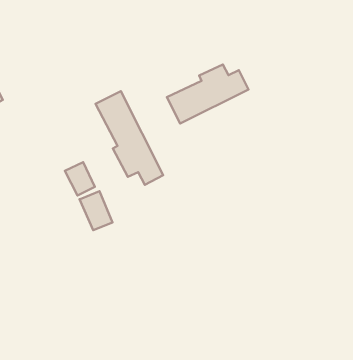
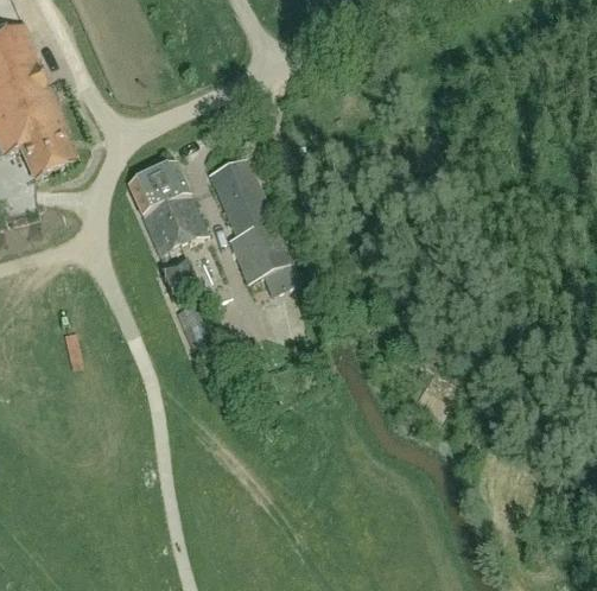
building: [167,65,248,124] -> none
building: none -> [127,161,207,254]

